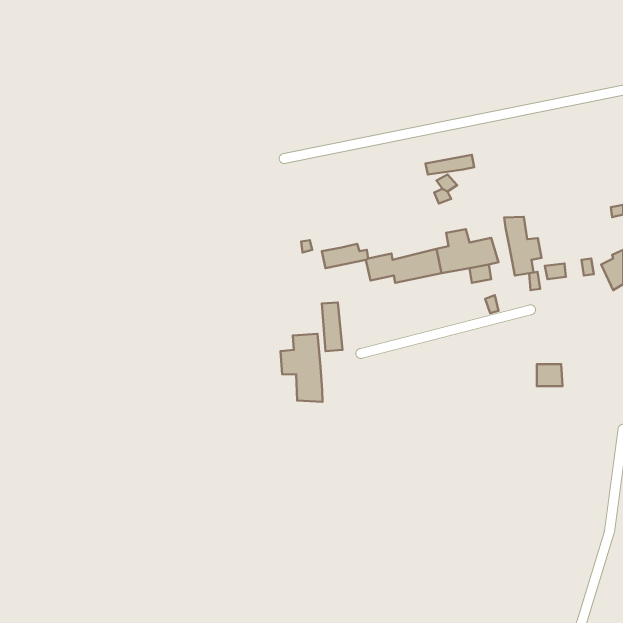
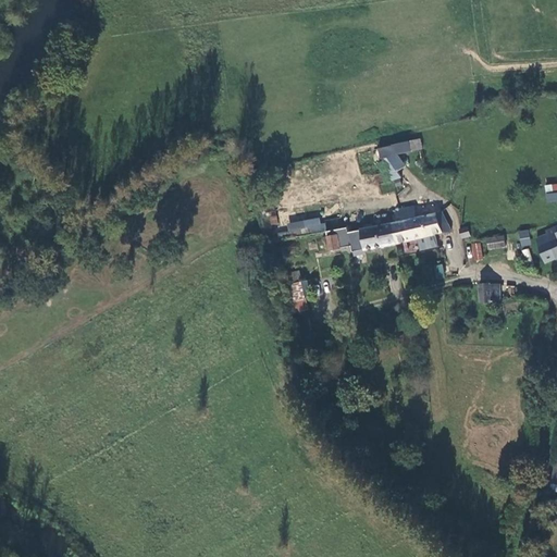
building: [504,217,542,276] -> none
building: [280,334,323,402] -> none
building: [537,364,562,386] -> [479,284,502,304]

